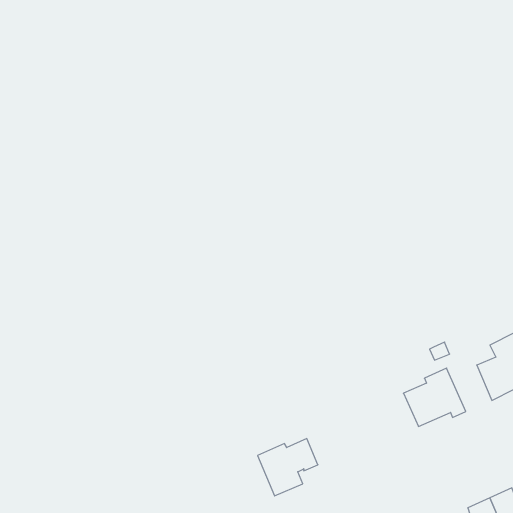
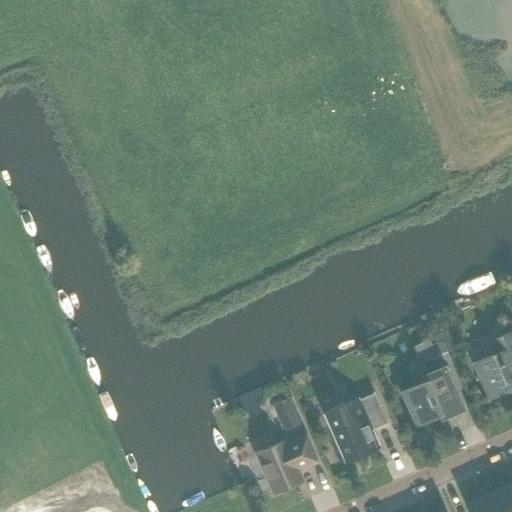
building: none -> [325,393,389,465]
building: none -> [272,397,298,431]

